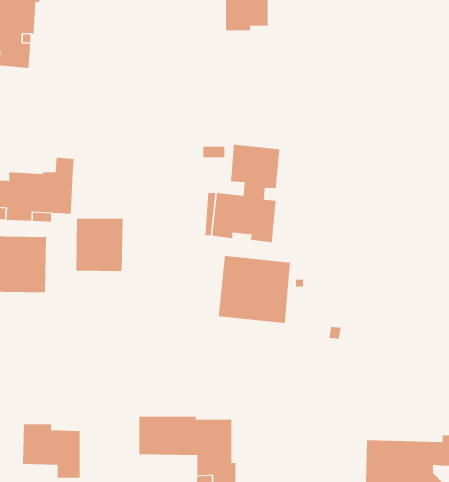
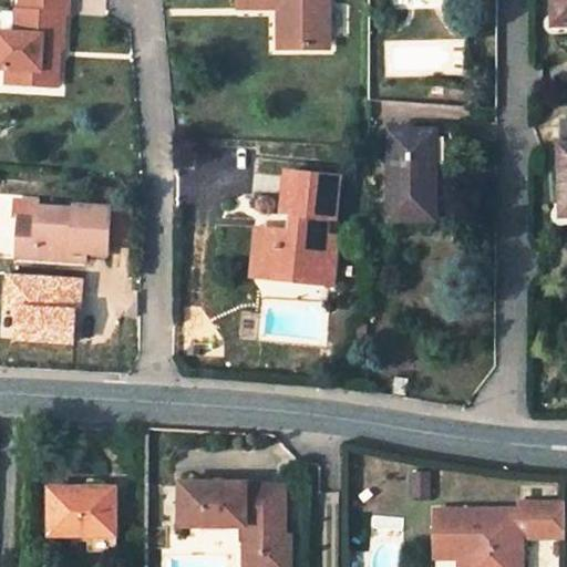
building: none -> [389,131,434,219]
building: [76,218,123,272] -> none
building: [218,255,290,324] -> none

